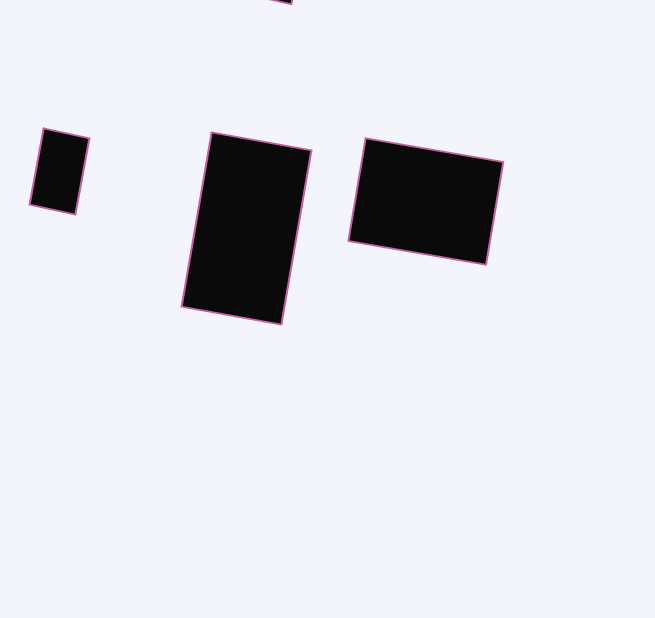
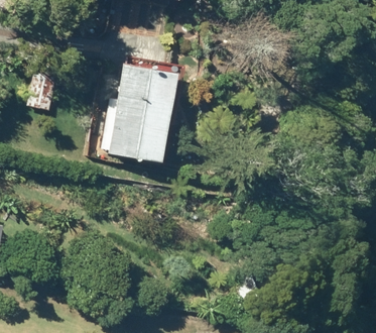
building: [349,138,503,265] -> none

